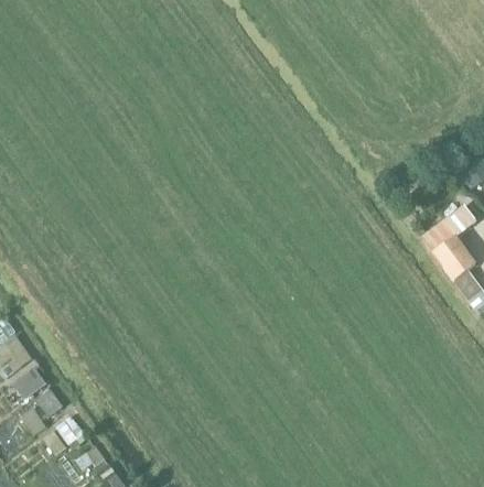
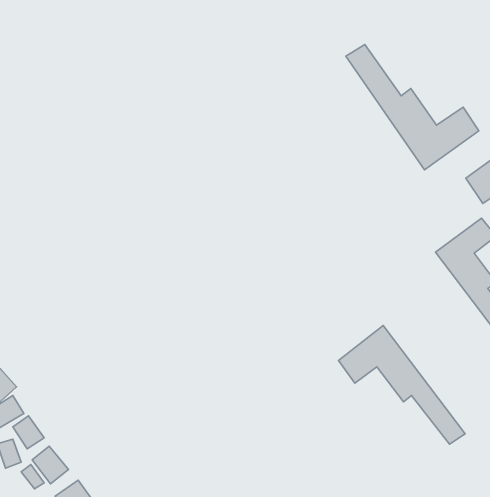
building: none -> [346,45,479,170]
building: none -> [338,325,465,444]

